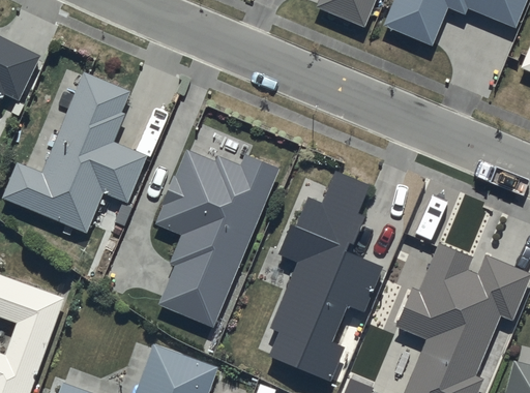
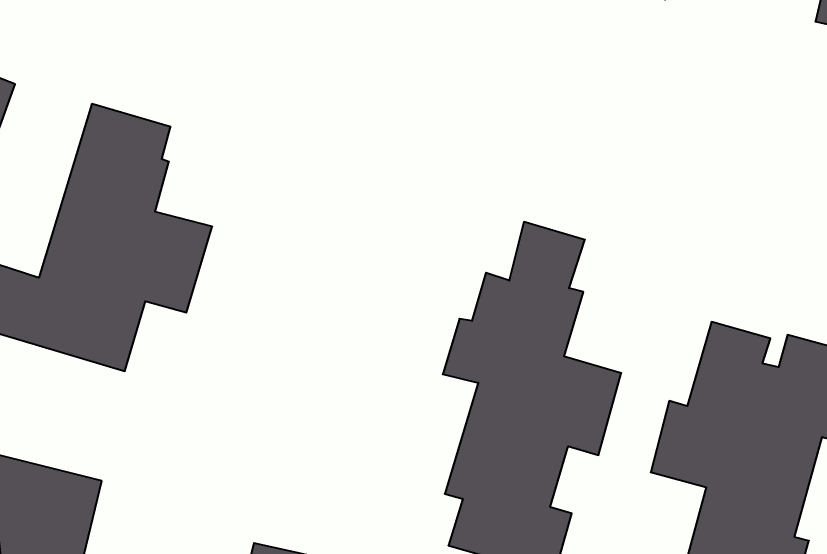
building: [156,148,281,327] -> none

